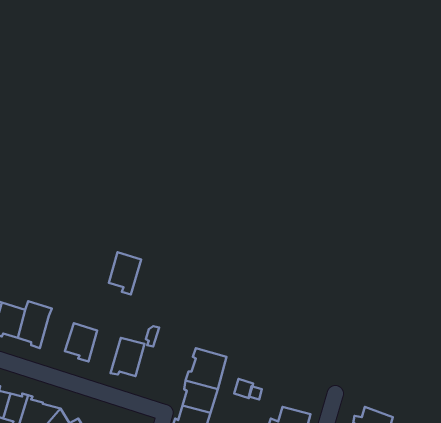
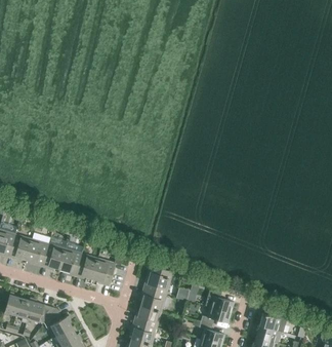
building: [109,252,141,295] -> [75,254,97,283]
building: none -> [41,243,65,268]
building: none -> [204,288,233,312]

